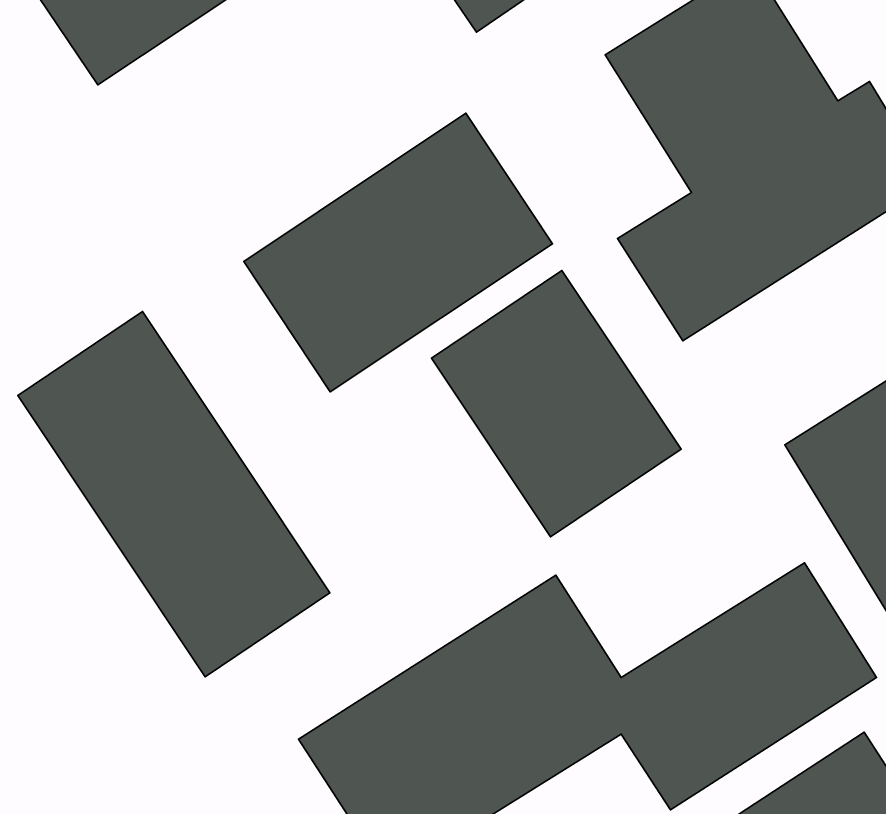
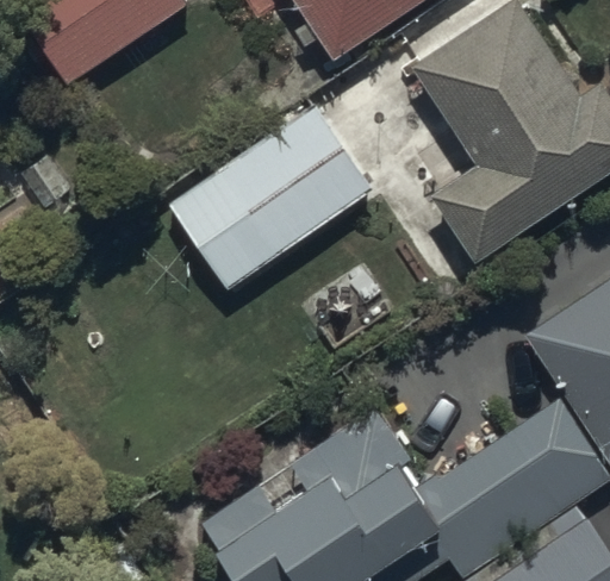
building: [431,270,681,537] -> none
building: [18,312,330,677] -> none

